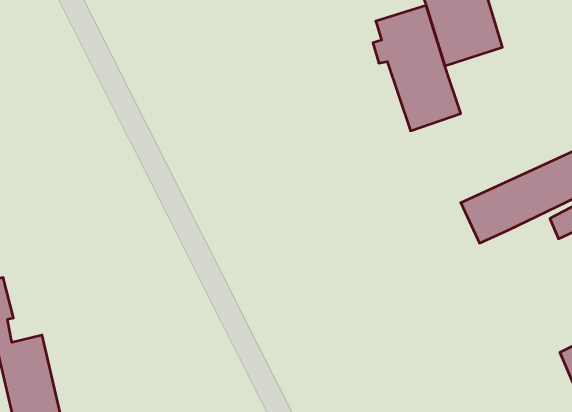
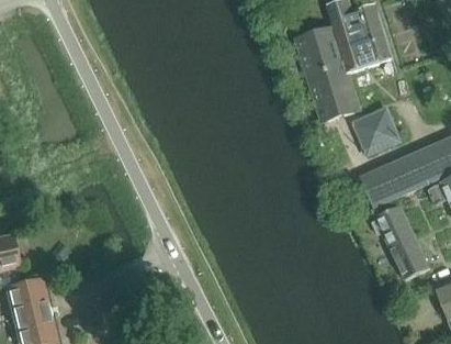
building: none -> [358,106,403,152]
building: none -> [372,197,430,278]

